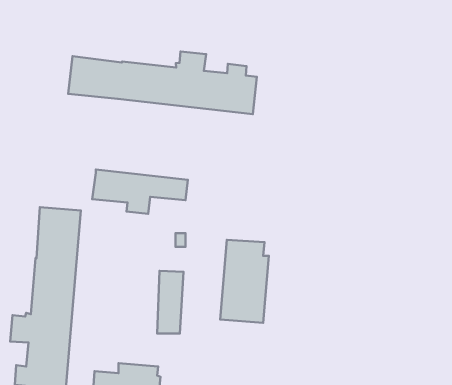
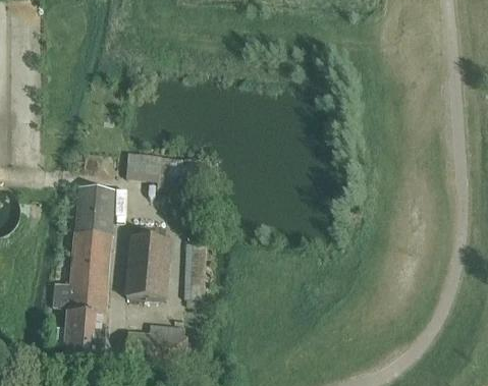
building: [68,51,257,114] -> none
building: [220,240,269,323] -> [125,224,169,298]

